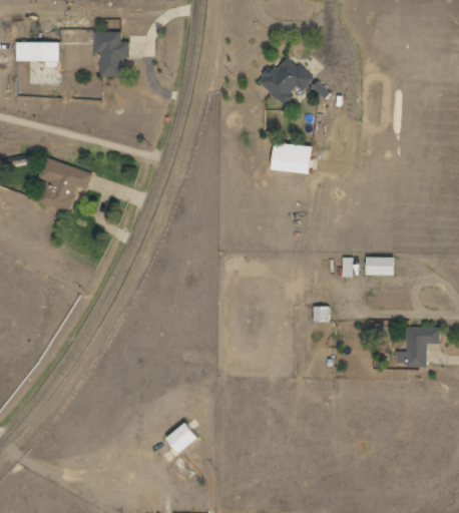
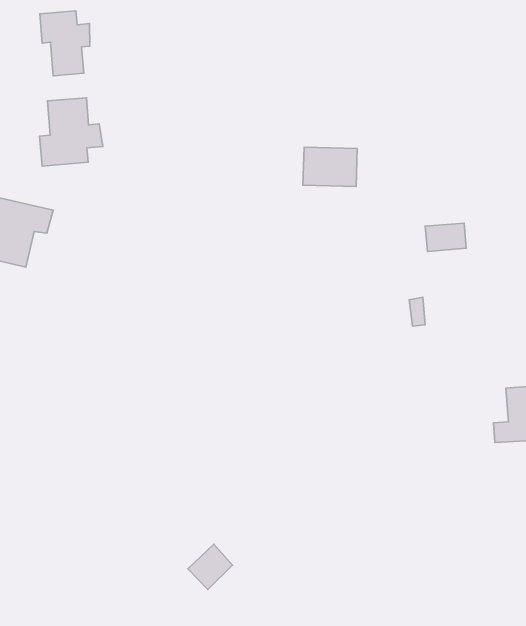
building: [258,53,310,105] -> none
building: none -> [40,98,103,166]
building: [366,256,394,275] -> [425,223,466,251]

